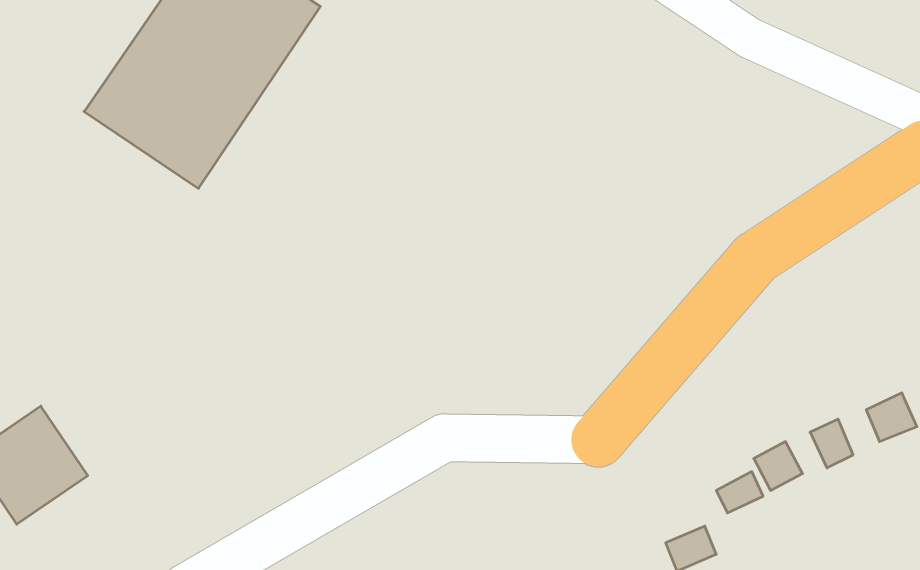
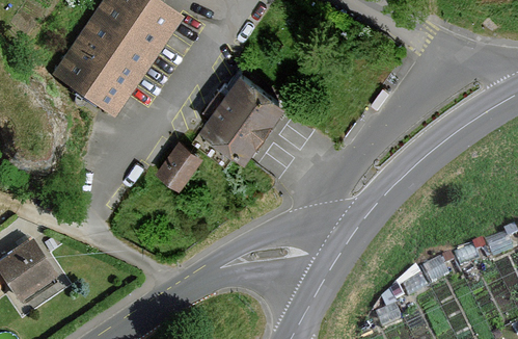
building: none -> [199,71,283,159]
building: none -> [156,140,201,188]

